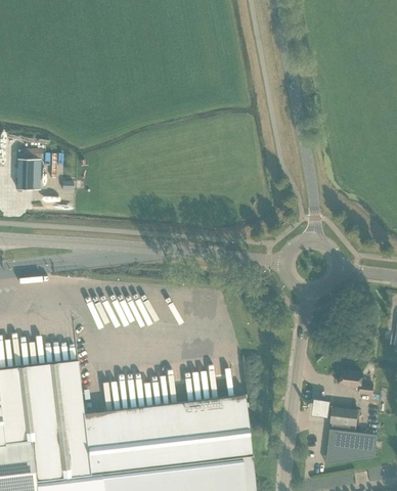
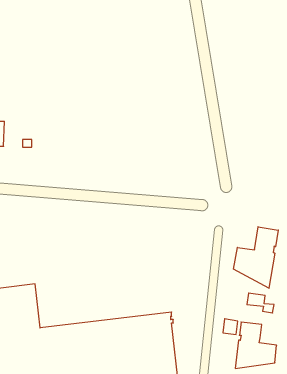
building: none -> [233,227,278,288]

